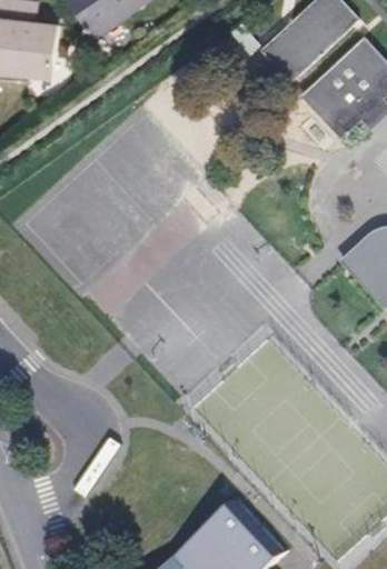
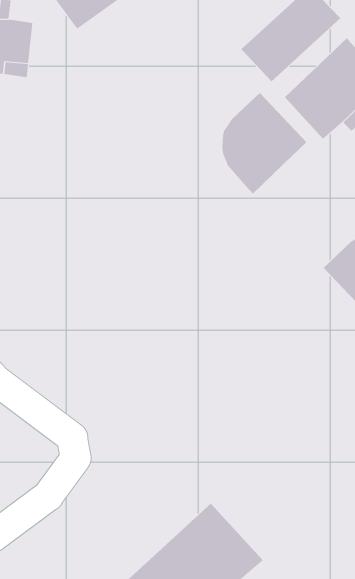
building: none -> [222,92,307,194]

